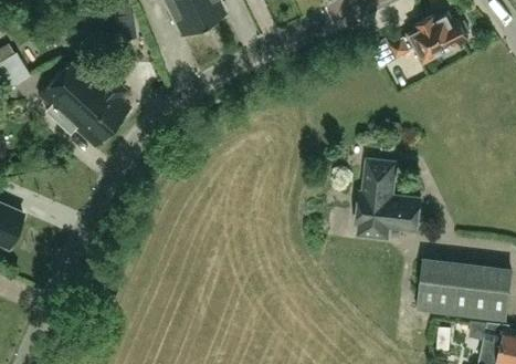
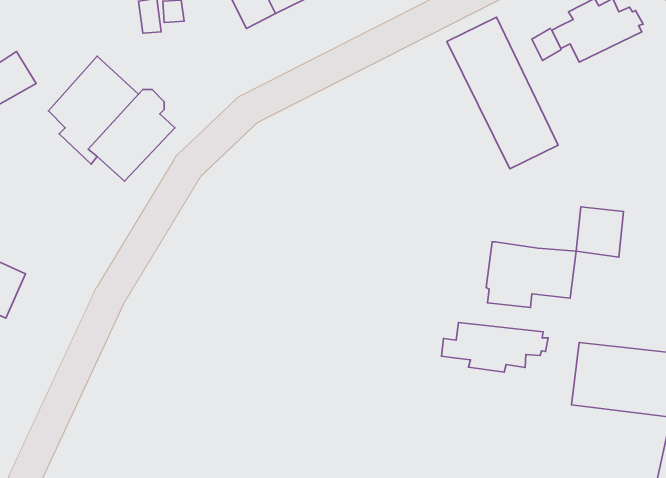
building: none -> [447,17,558,169]
building: [362,158,397,195] -> [576,207,623,257]
building: none -> [441,322,548,372]

